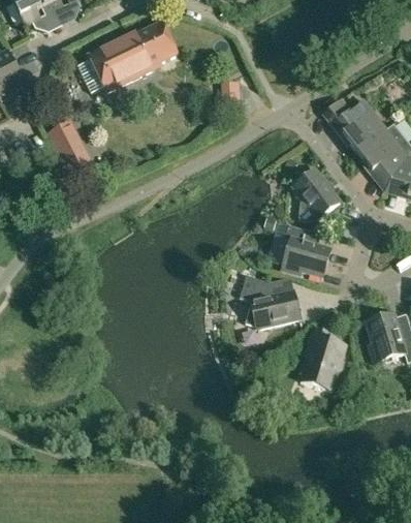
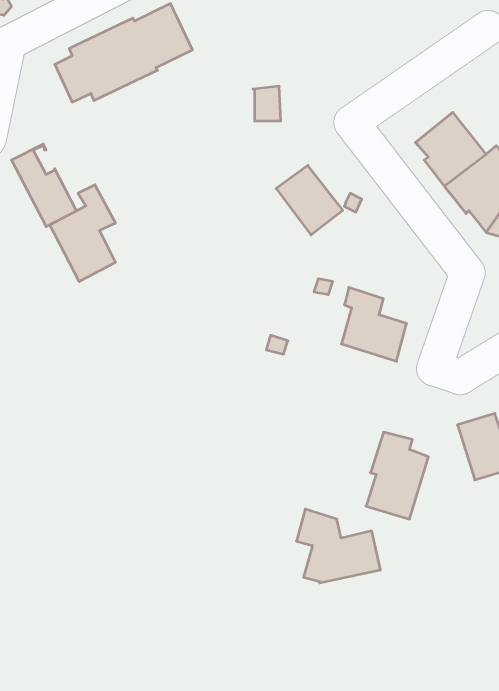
building: none -> [50,185,115,282]
building: [293,168,341,218] -> [276,165,343,235]
building: [241,274,301,327] -> [296,509,380,583]

